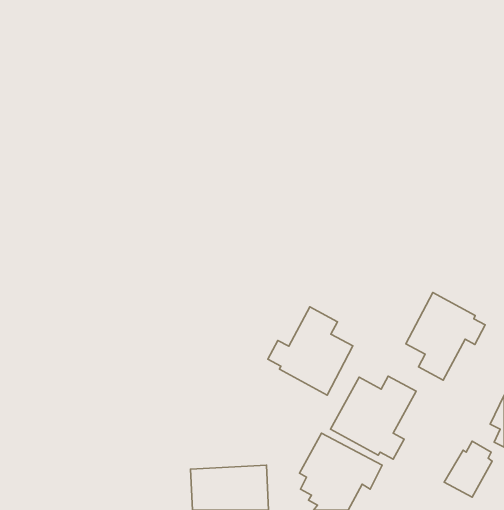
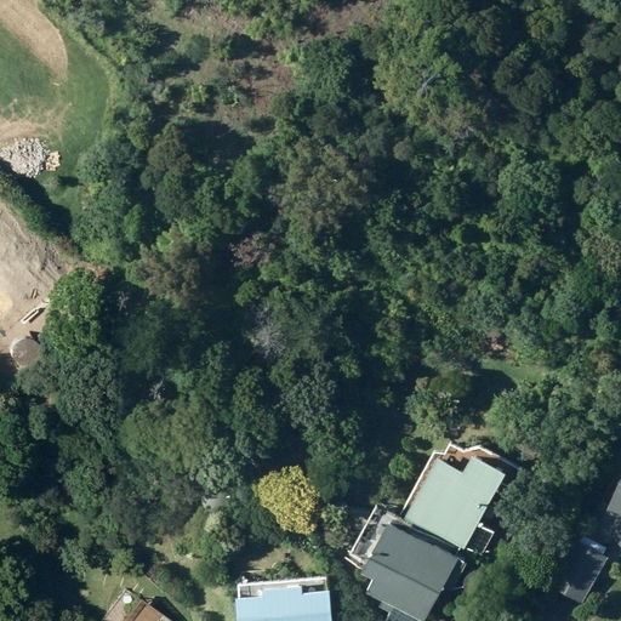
building: [406,293,485,380] -> none
building: [268,307,353,395] -> none

